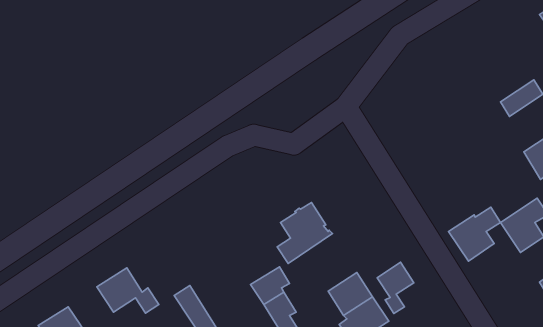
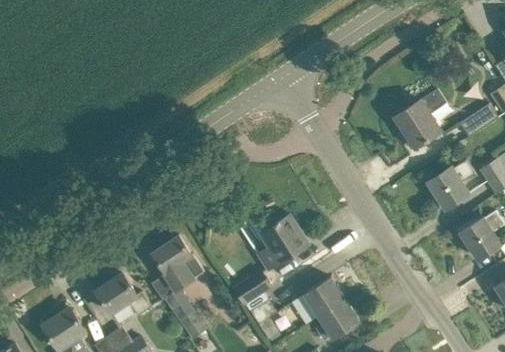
building: none -> [394,89,445,149]
building: [449,207,501,261] -> [427,160,474,209]
building: none -> [152,235,203,290]
building: [377,262,414,314] -> none

